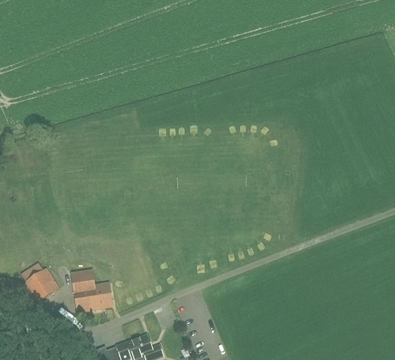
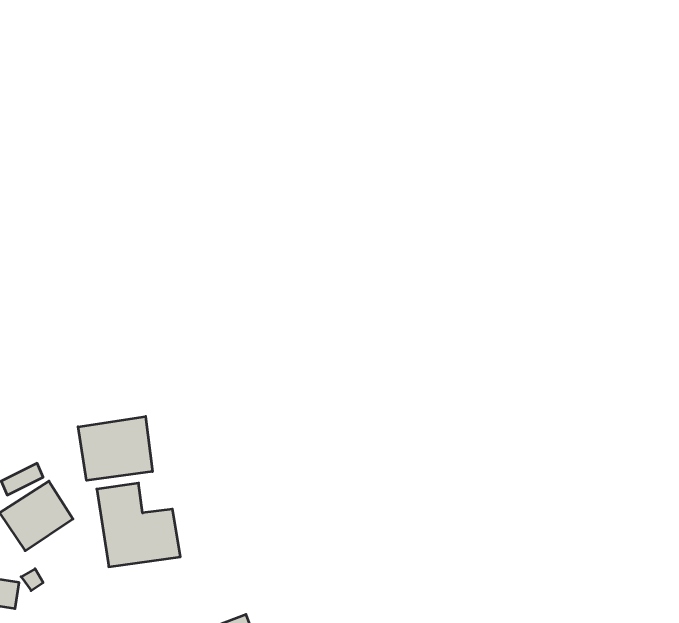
building: none -> [78,416,152,480]

